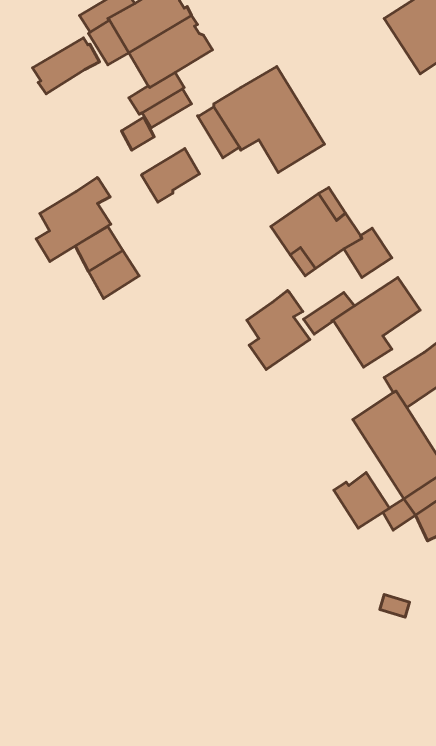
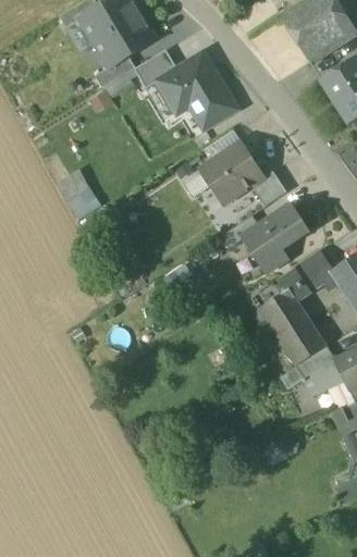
building: [33,38,99,94] -> none
building: [141,148,200,202] -> [134,49,176,88]
building: [36,177,111,261] -> none
building: [247,290,310,370] -> none
building: [334,473,389,528] -> none

